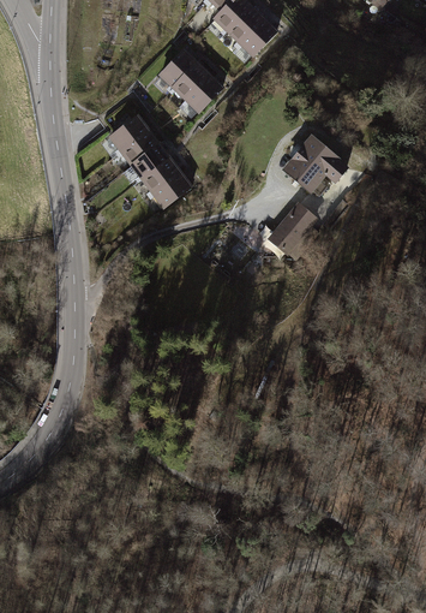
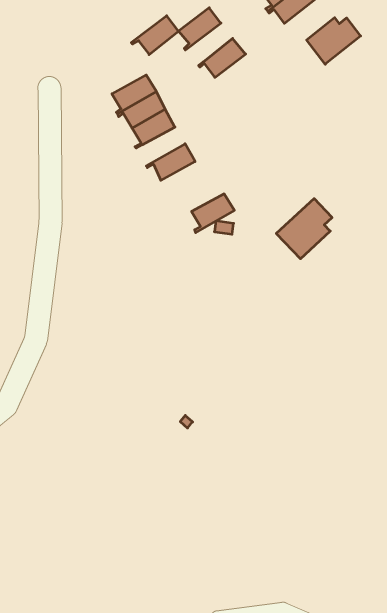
building: none -> [307,18,361,64]
building: [168,61,208,97] -> [131,16,178,55]
building: [283,135,348,195] -> none
building: [142,157,179,195] -> [192,194,234,233]

